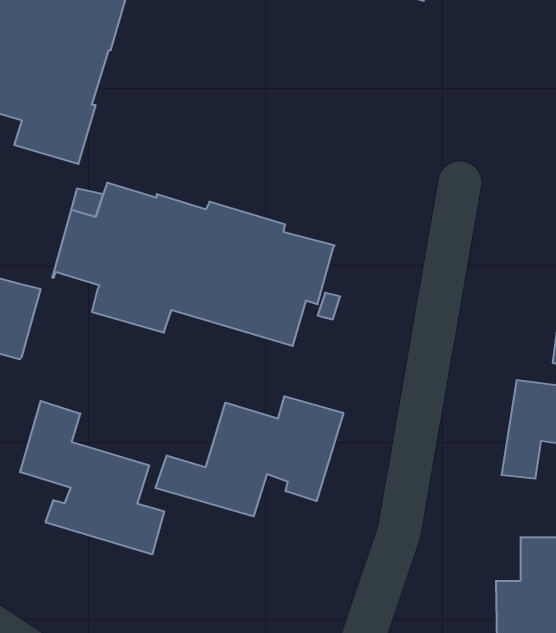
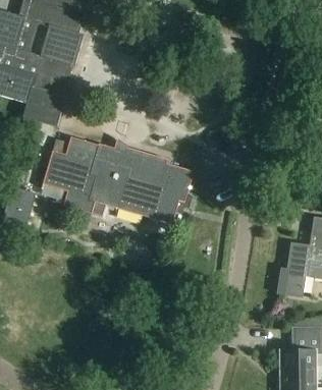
building: [155,396,343,516] -> none
building: [20,401,164,554] -> none

